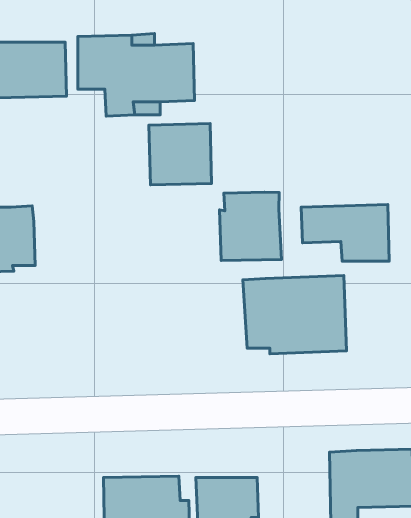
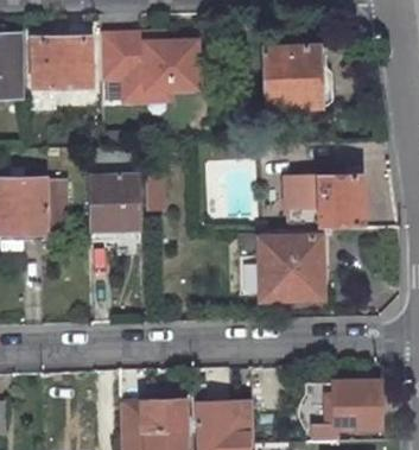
building: none -> [265,47,320,108]
building: [149,124,212,185] -> [89,178,141,229]
building: [219,192,282,261] -> none

